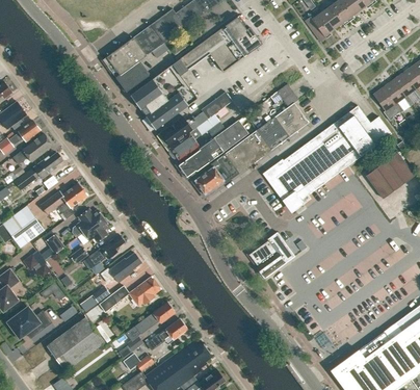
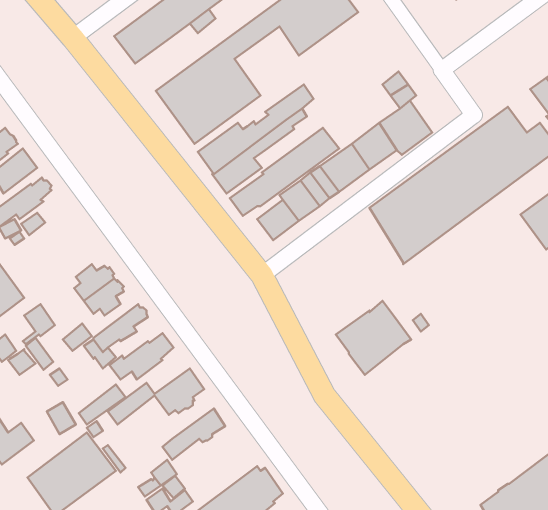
building: [116,61,150,92] -> none
building: [41,182,87,214] -> none
building: [146,318,188,349] -> none

